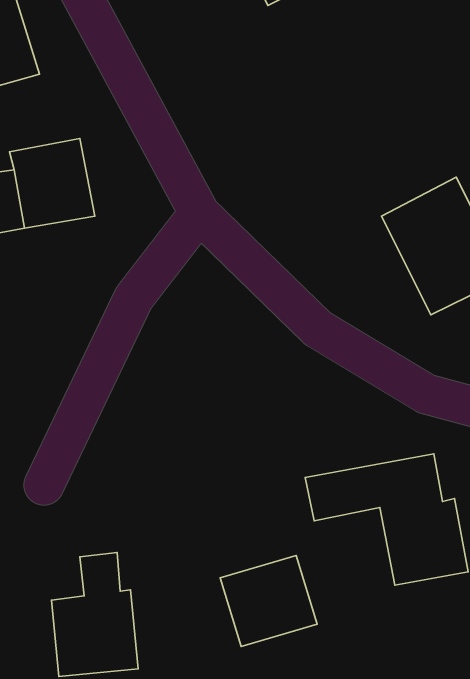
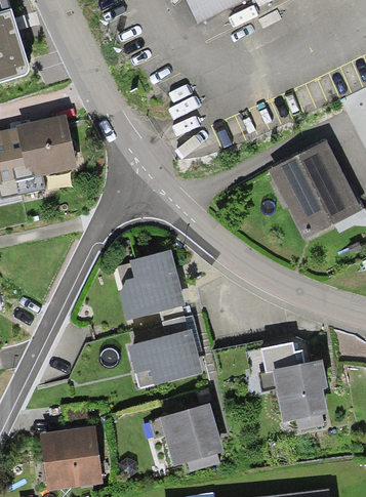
building: none -> [116,252,182,320]
building: none -> [126,330,200,386]

